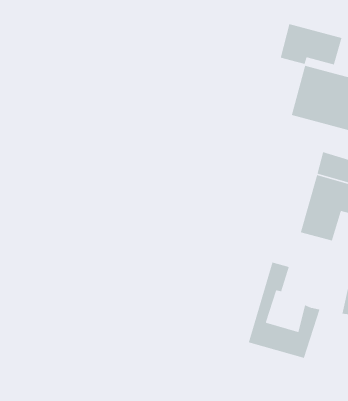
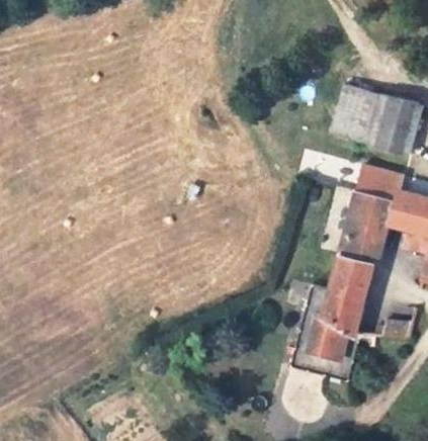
building: [280,23,343,65] -> none
building: none -> [309,252,375,352]

